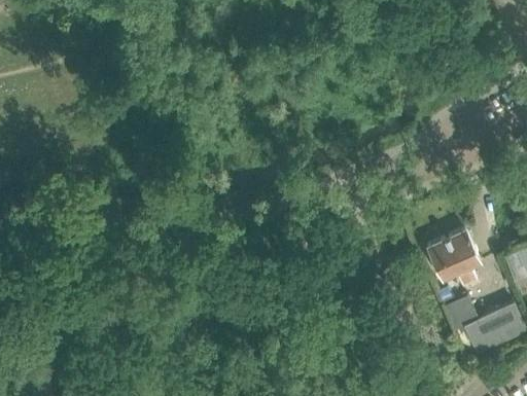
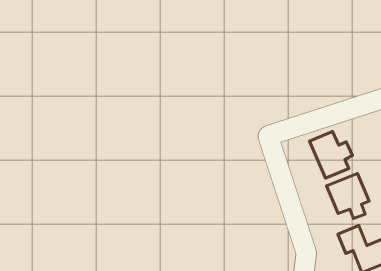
building: none -> [309,132,353,178]

